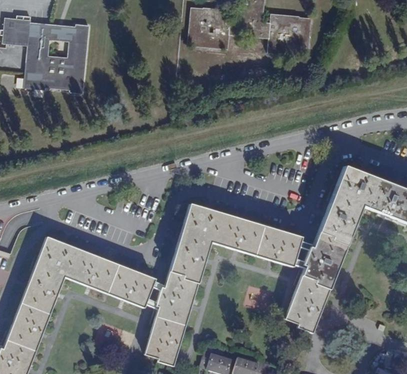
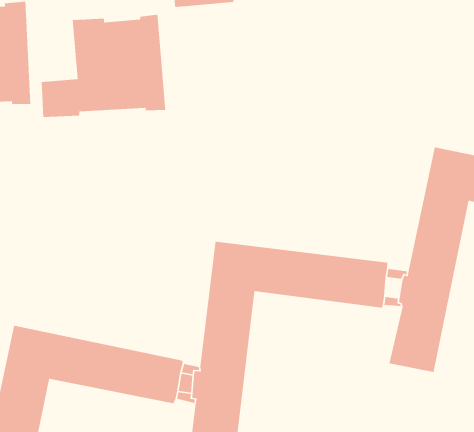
building: none -> [41,14,166,118]
building: [284,304,318,333] -> none

